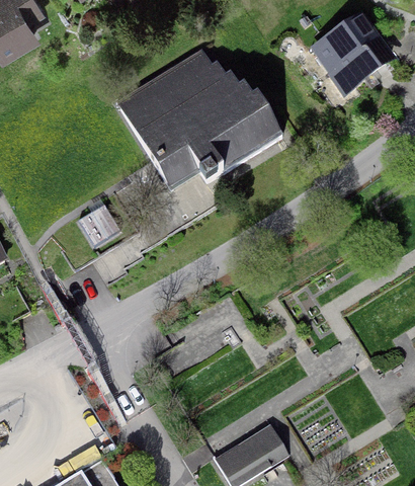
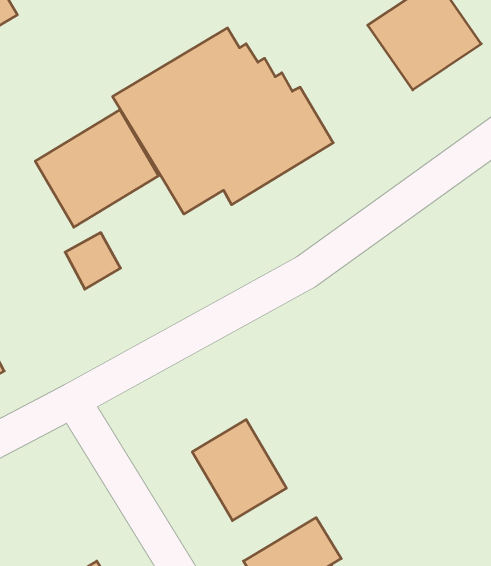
building: none -> [35,110,158,227]
building: none -> [192,420,286,521]

